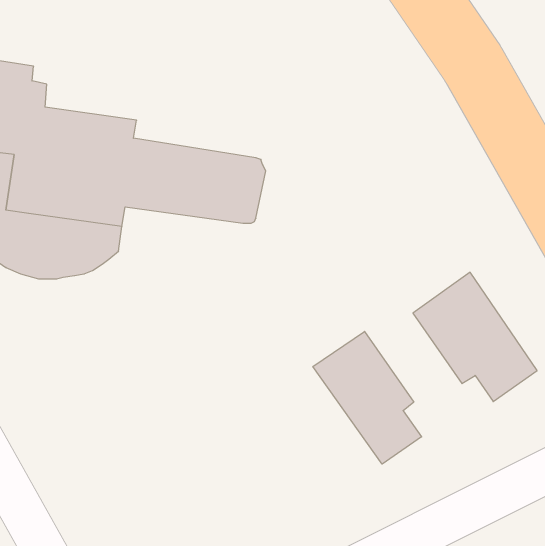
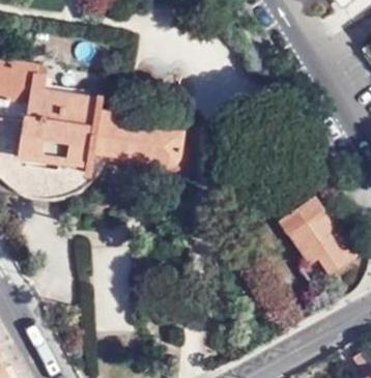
building: [313,331,422,464] -> none

